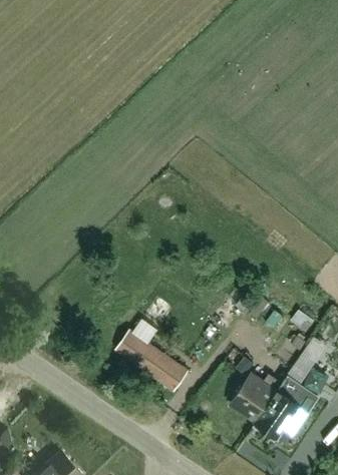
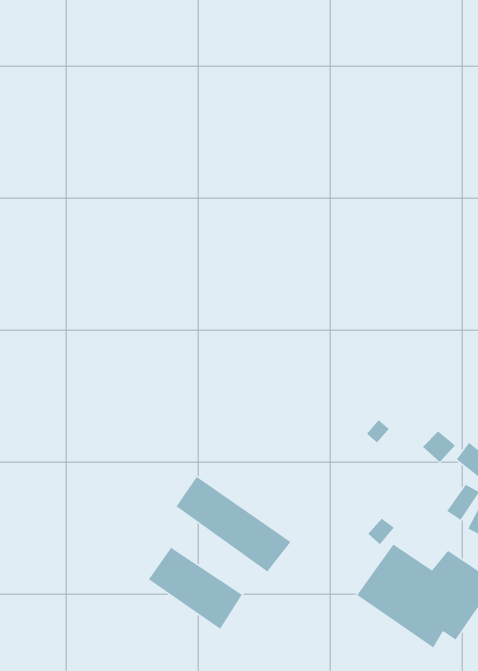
building: none -> [148,547,243,630]

